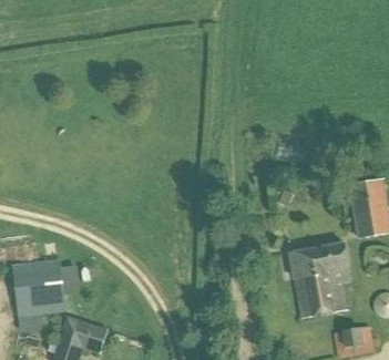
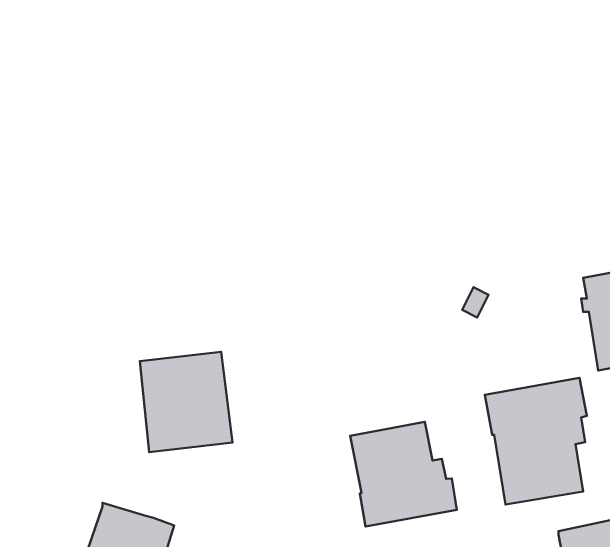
building: [12,258,66,317] -> [140,352,233,452]
building: none -> [350,422,457,526]

